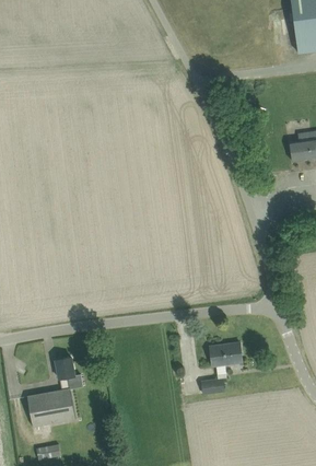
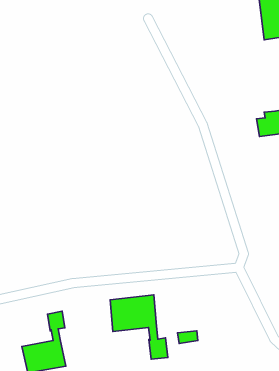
building: none -> [110,295,168,359]
building: [209,343,242,375] -> none

